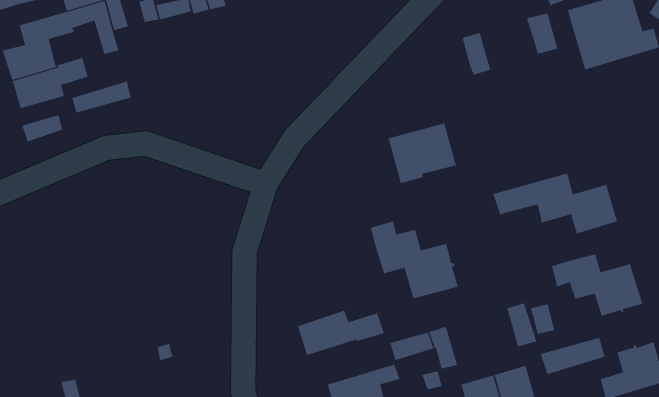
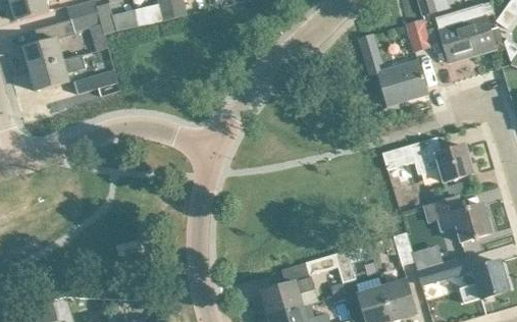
building: [388,123,457,184] -> [376,60,427,105]
building: [370,220,458,299] -> none
building: [297,310,385,356] -> none

